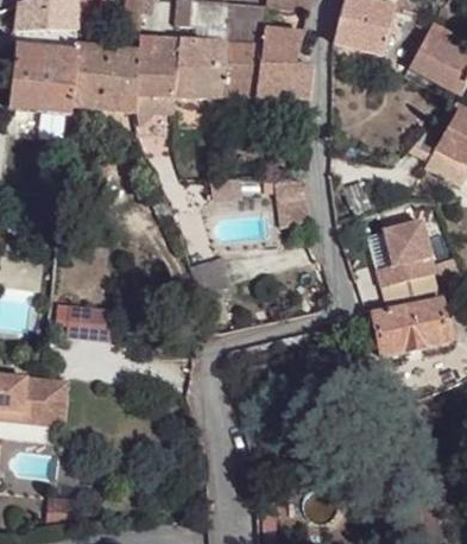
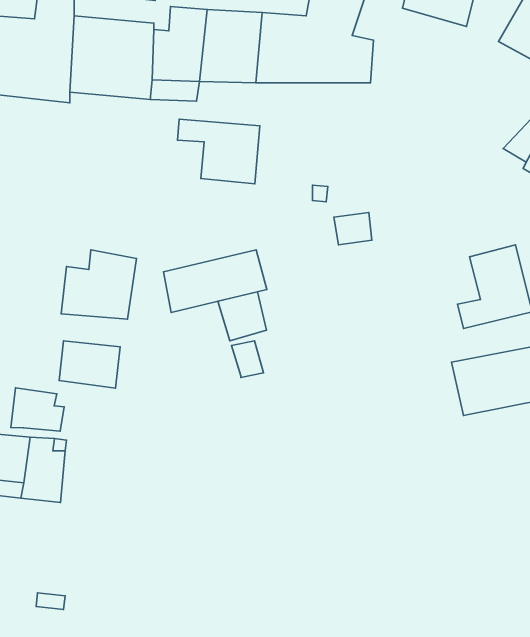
building: none -> [177,119,260,184]
building: none -> [61,250,136,319]
building: none -> [163,250,267,312]
building: none -> [11,388,64,431]

